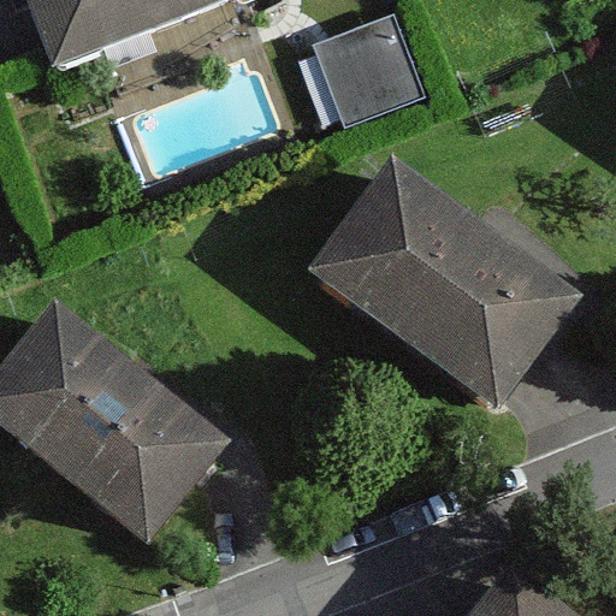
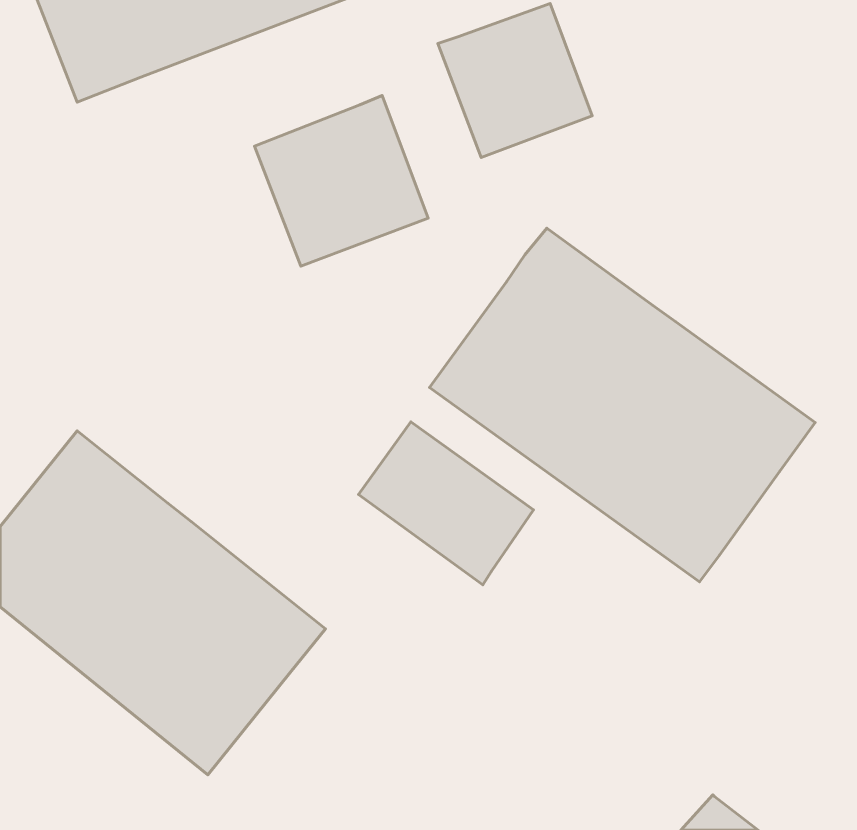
building: none -> [255,95,428,266]
building: none -> [358,422,534,585]

